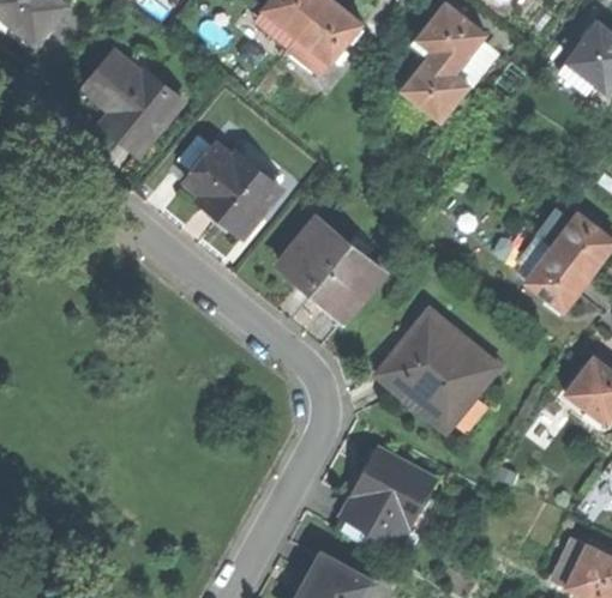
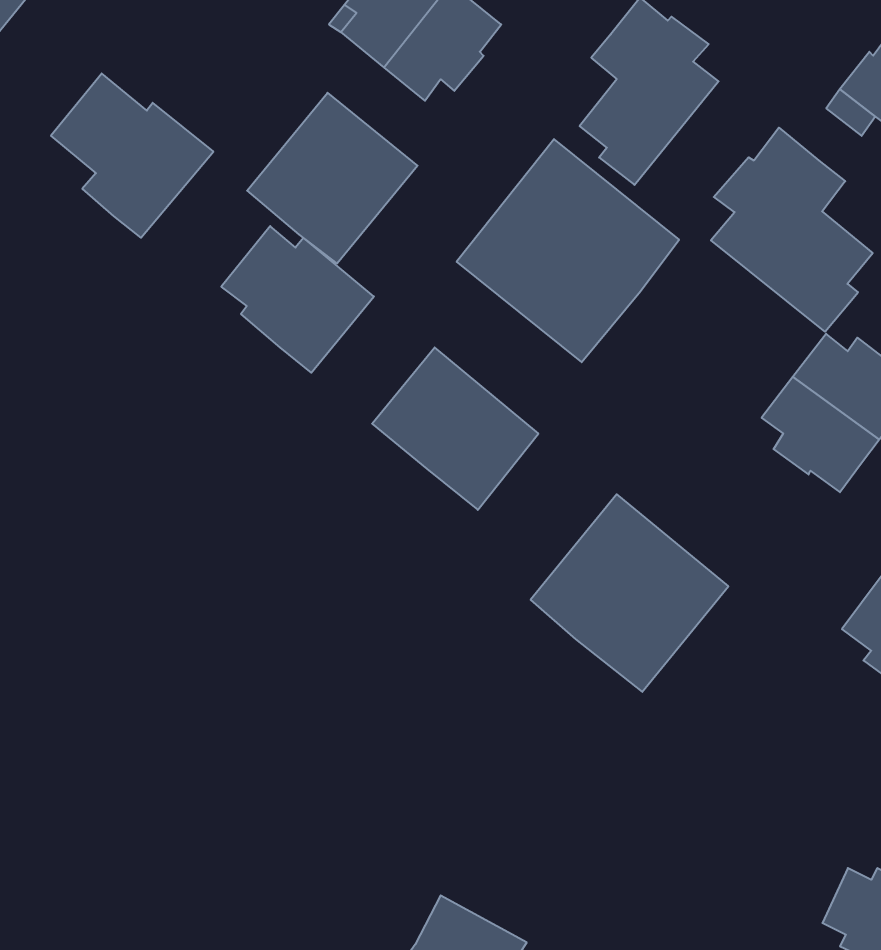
building: none -> [247,93,418,263]
building: none -> [711,128,873,332]
building: none -> [457,139,679,362]
building: [338,451,432,549] -> none

